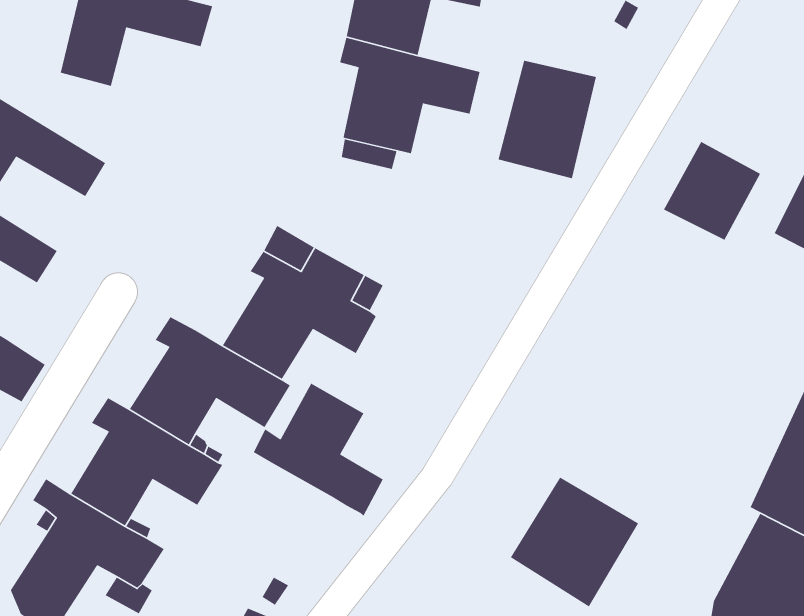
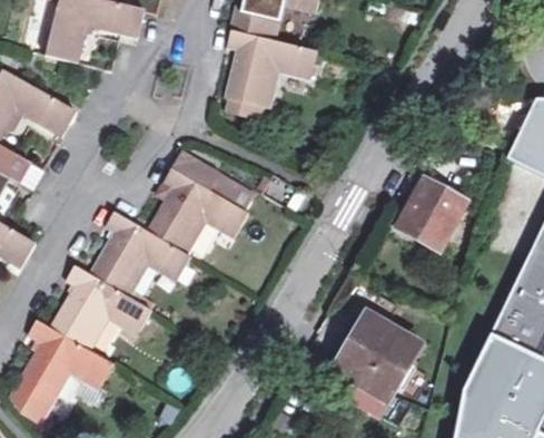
building: [498,60,597,179] -> none
building: [663,141,761,241] -> [398,183,462,247]
building: [253,383,384,517] -> none

